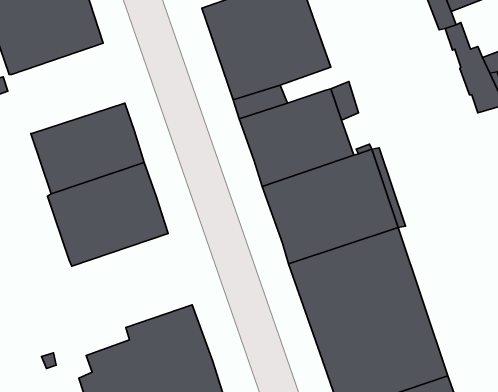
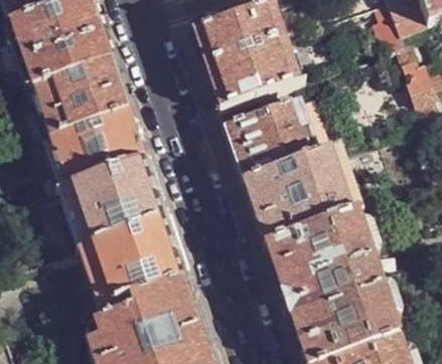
building: none -> [32,56,127,132]
building: none -> [83,215,183,302]

